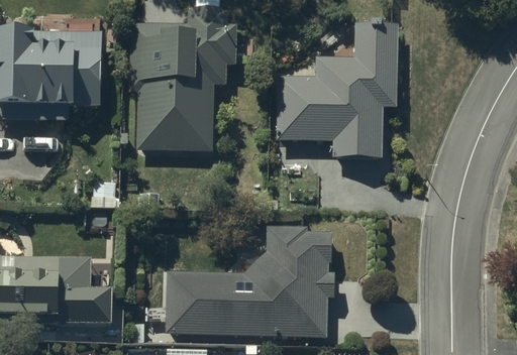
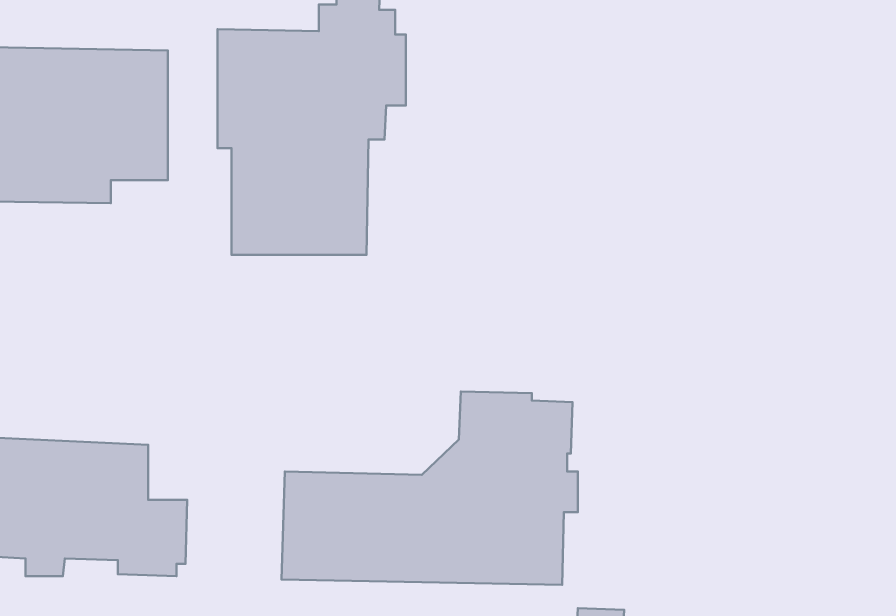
building: [277,21,399,156] -> none

